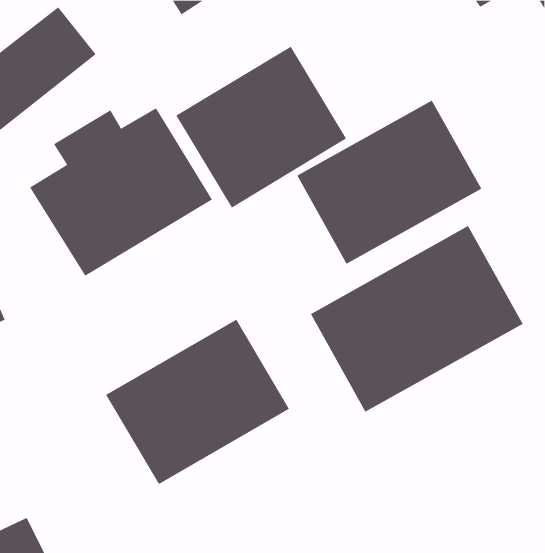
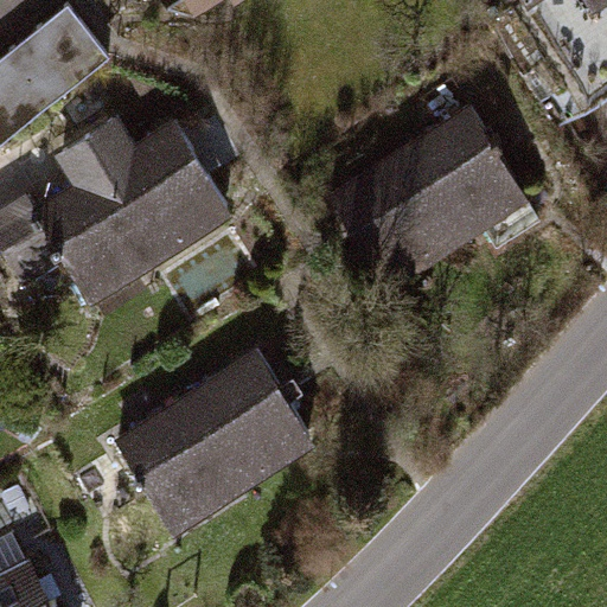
building: [176,46,347,208] -> none
building: [310,225,524,413] -> none

